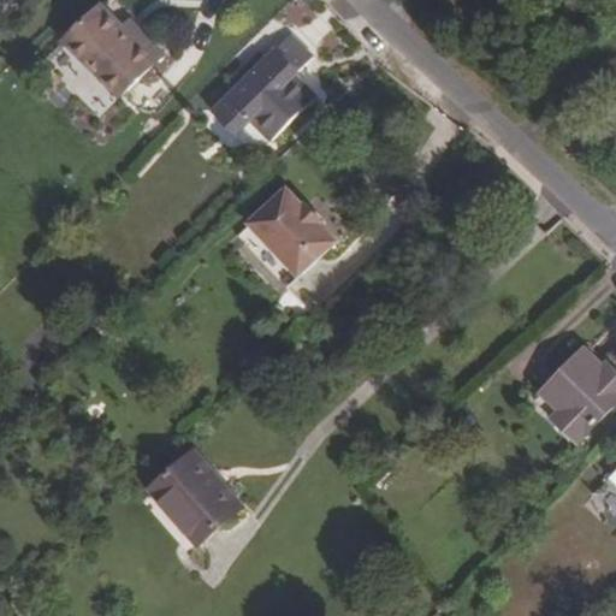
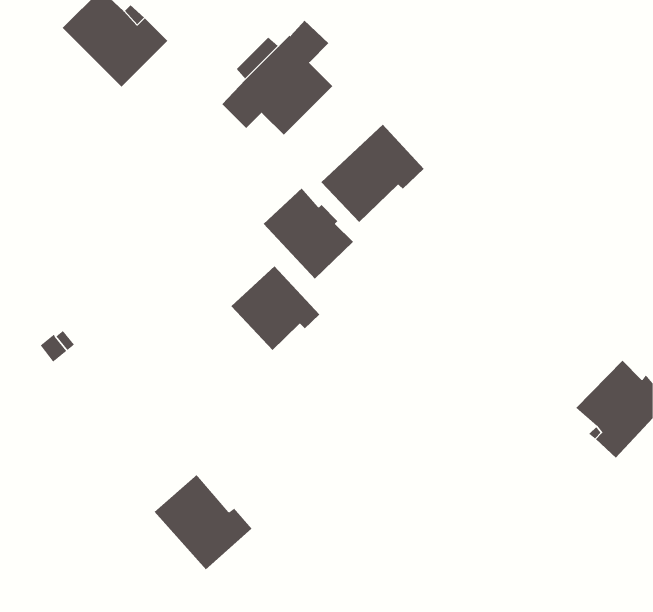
building: none -> [321,124,425,223]
building: none -> [231,265,320,351]

